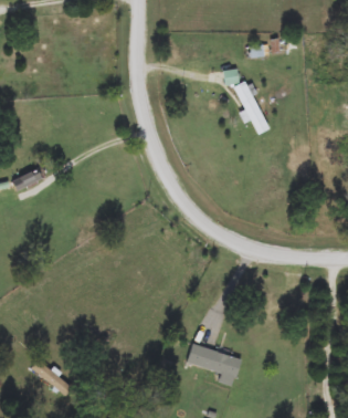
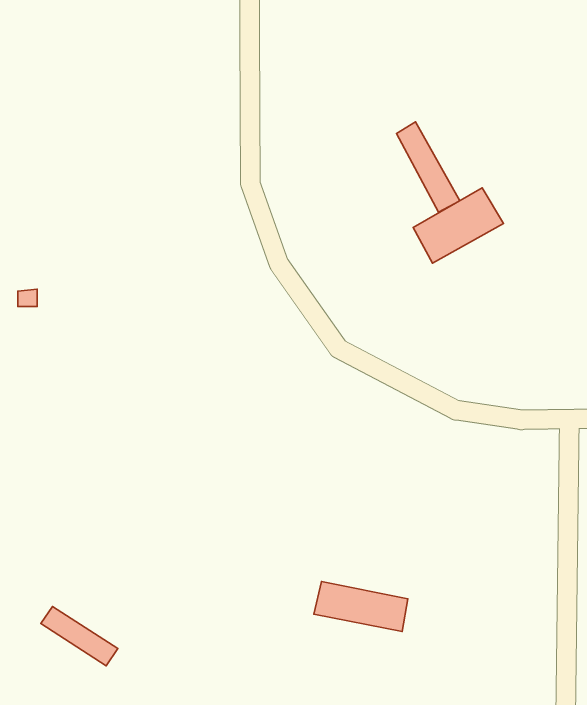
building: none -> [413,188,504,263]

